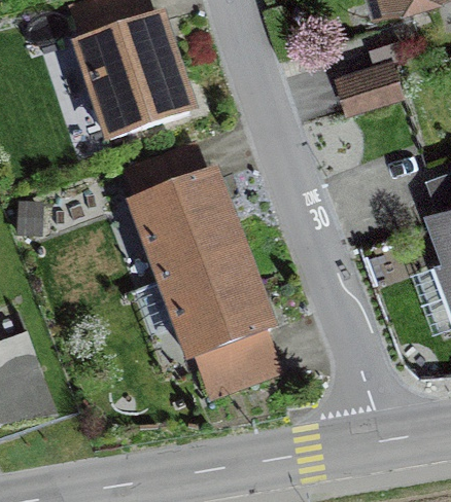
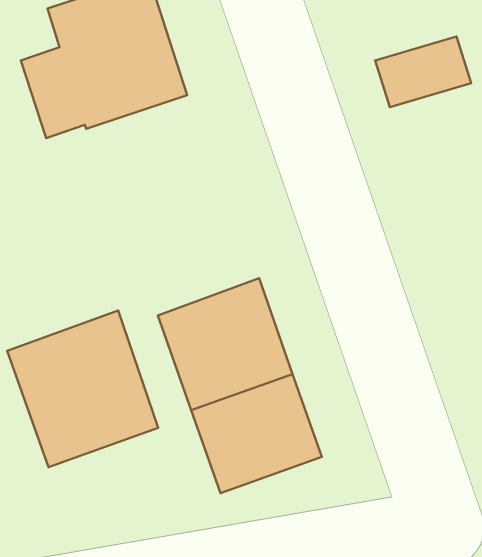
building: [136,168,243,276] -> none
building: none -> [7,310,158,467]

